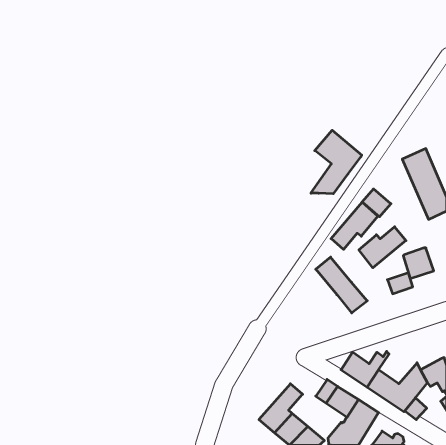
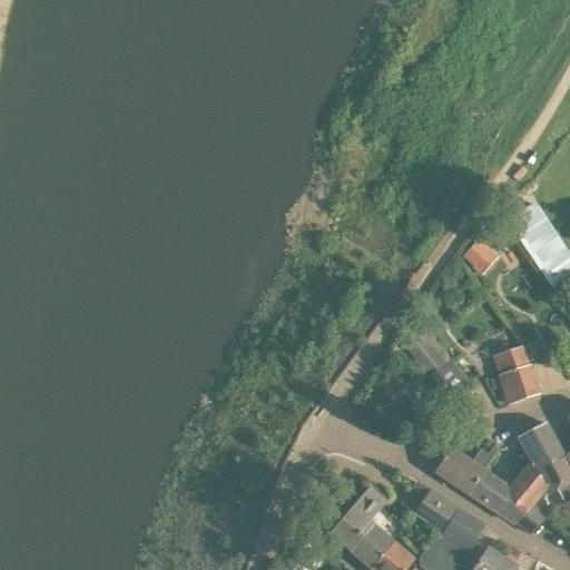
building: [311,130,362,194] -> none
building: [331,202,378,249] -> none
building: [359,227,406,268] -> none
building: [403,248,434,279] -> [500,365,539,404]
building: none -> [518,422,563,471]

